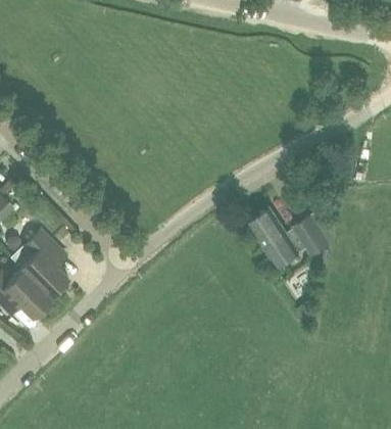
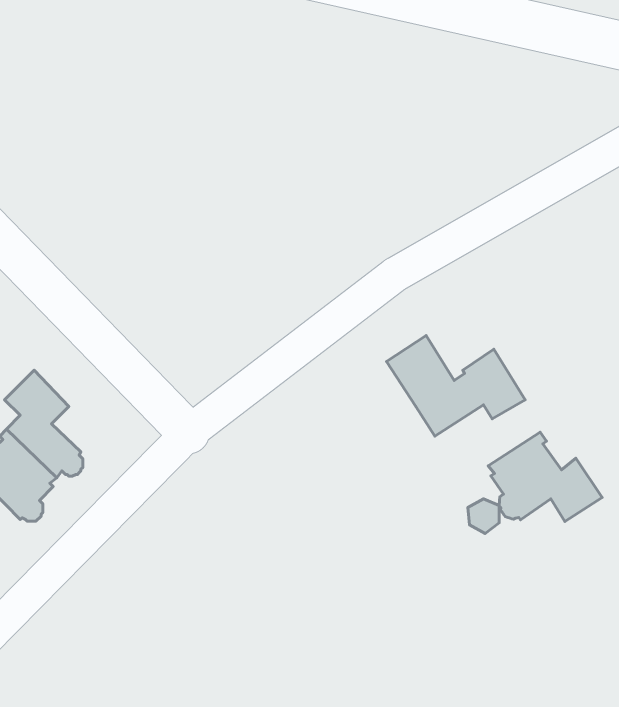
building: none -> [488,432,602,521]

